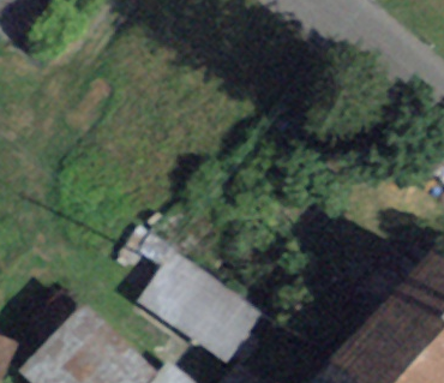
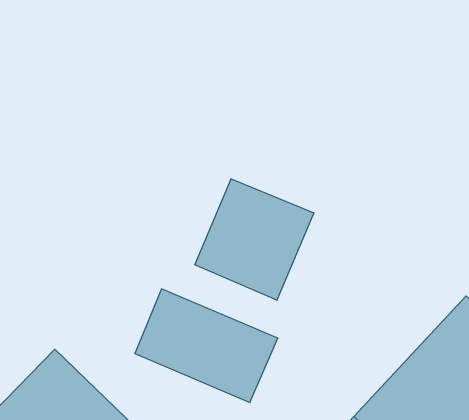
building: none -> [195,179,314,300]

